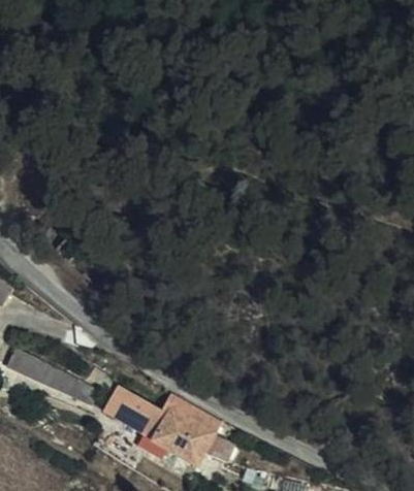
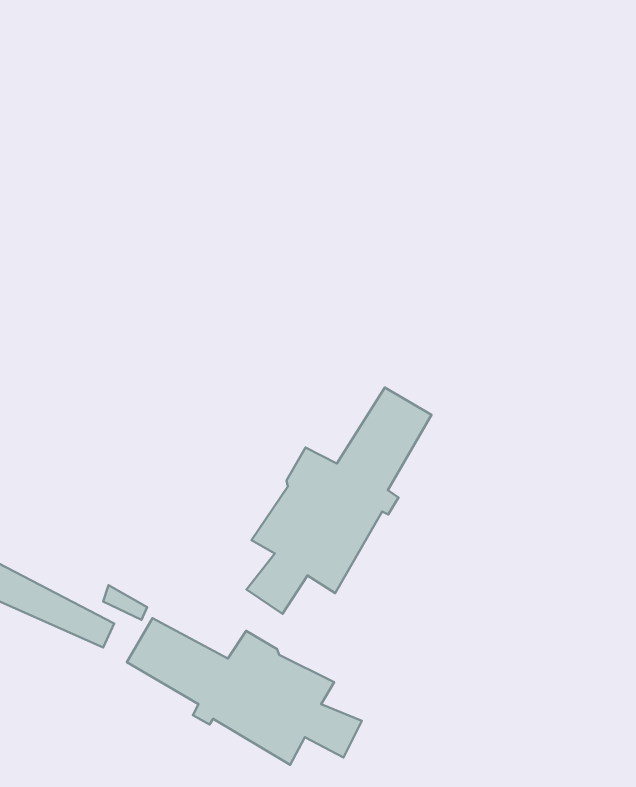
building: none -> [246,388,431,614]

